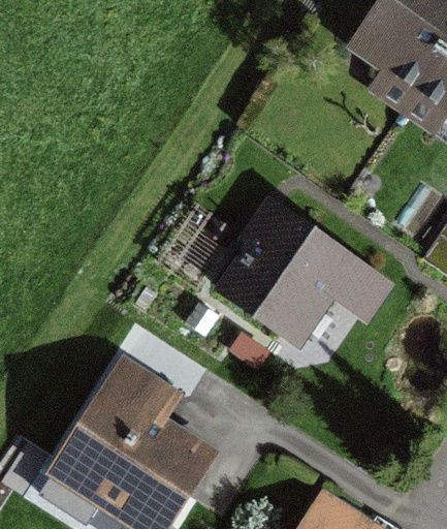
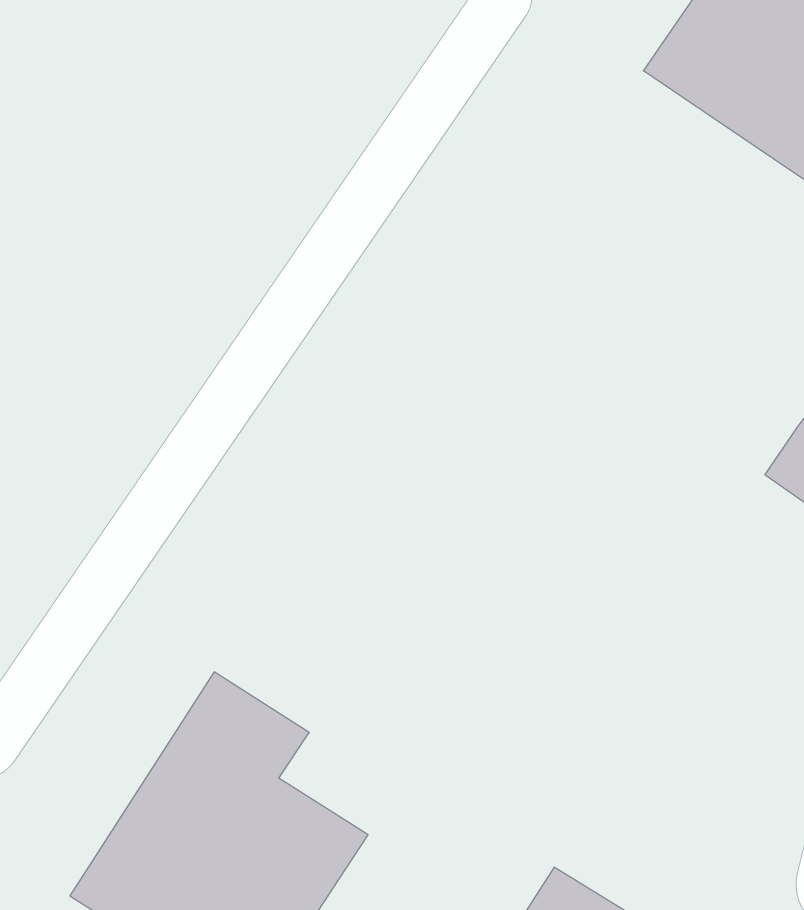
building: [211,200,355,347] -> none

